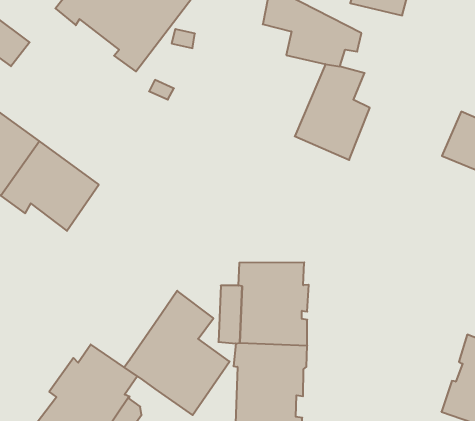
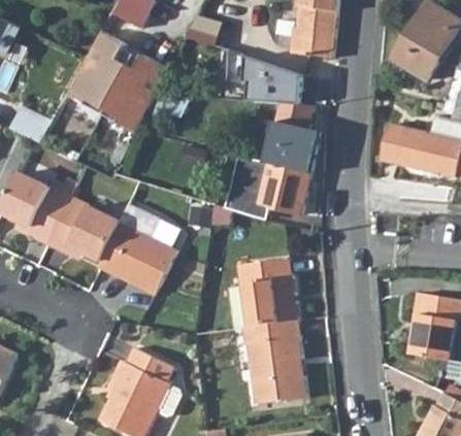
building: none -> [222,156,307,214]
building: [124,291,230,415] -> [98,204,177,297]

